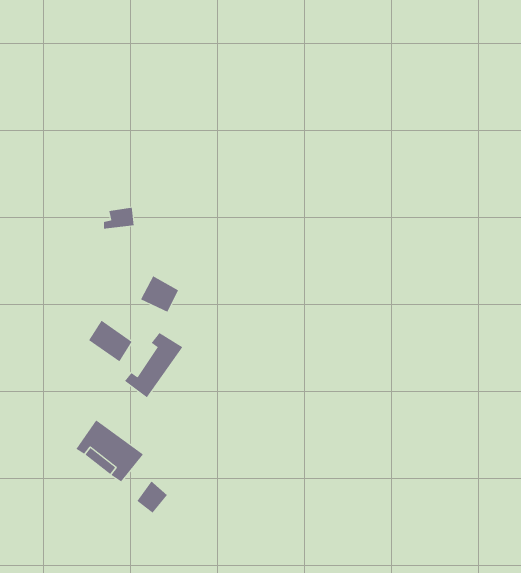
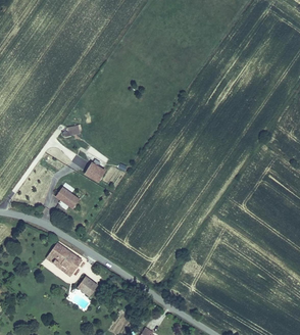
building: [124,332,183,398] -> none

